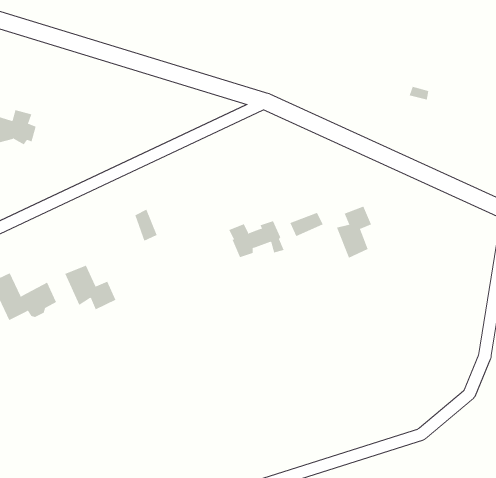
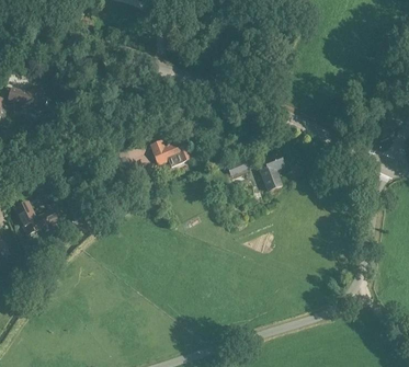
building: [229,221,284,258] -> [151,138,191,164]
building: [64,265,116,310] -> none

